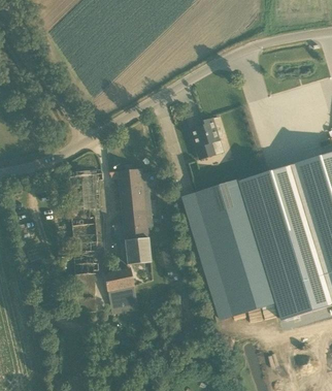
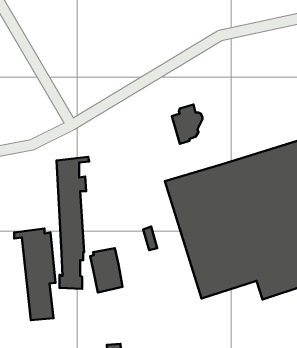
building: [109,168,153,264] -> [14,228,55,320]

